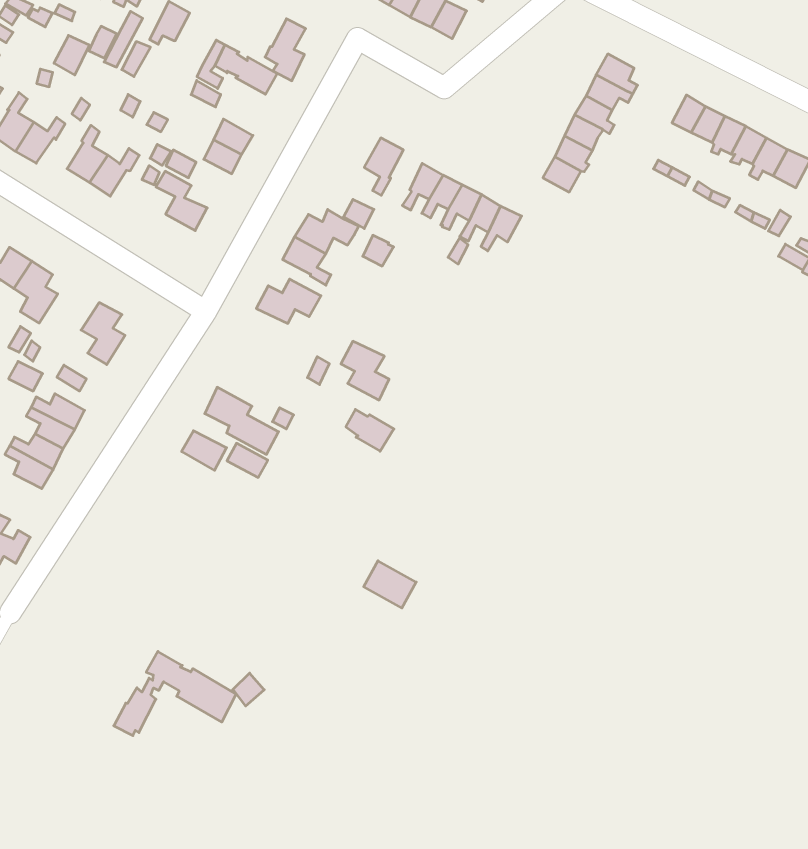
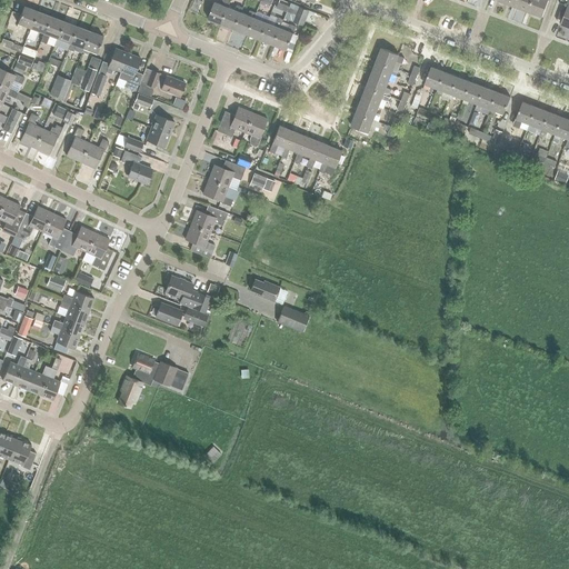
building: [265,19,306,81] -> [118,52,141,89]
building: none -> [216,108,251,138]
building: none -> [60,226,94,254]
building: [341,341,389,400] -> [183,224,213,258]
building: [364,561,416,608] -> [278,305,309,331]
building: [114,651,236,736] -> [117,352,188,405]

